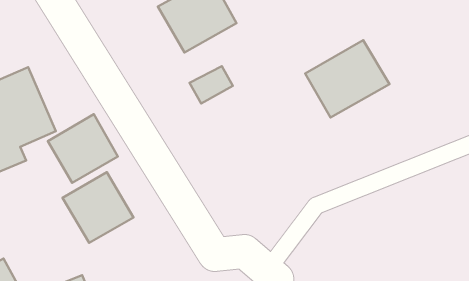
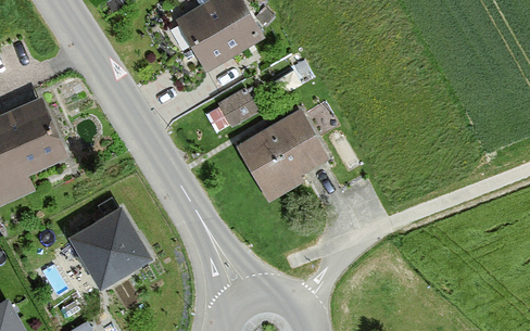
building: [305,40,390,118] -> [237,110,330,195]
building: [48,114,118,183] -> none

